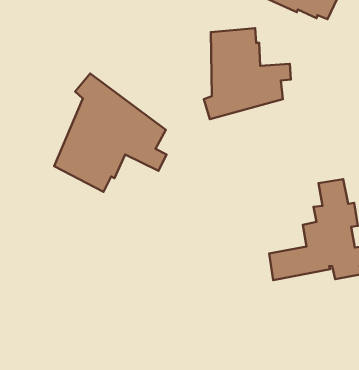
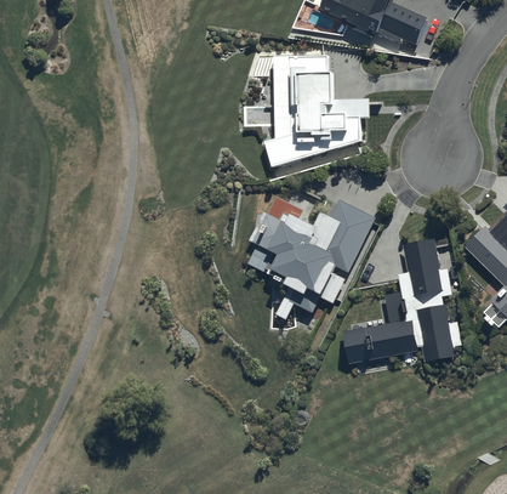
building: [54,73,166,192] -> none
building: none -> [249,198,377,319]

